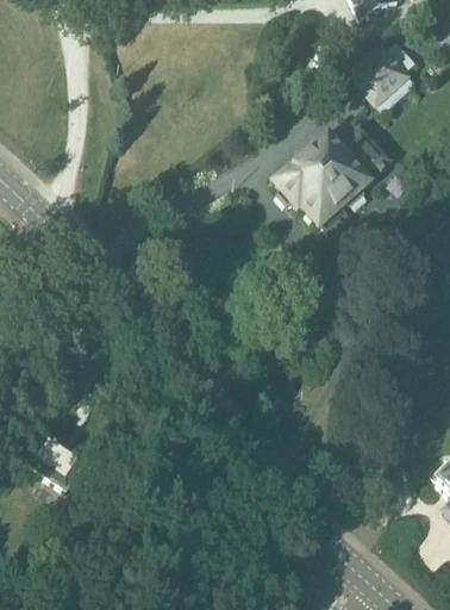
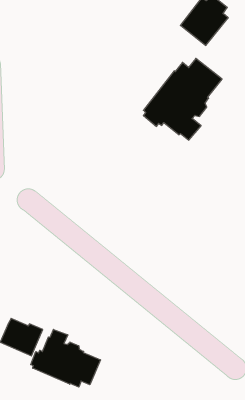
building: none -> [31,329,100,387]

